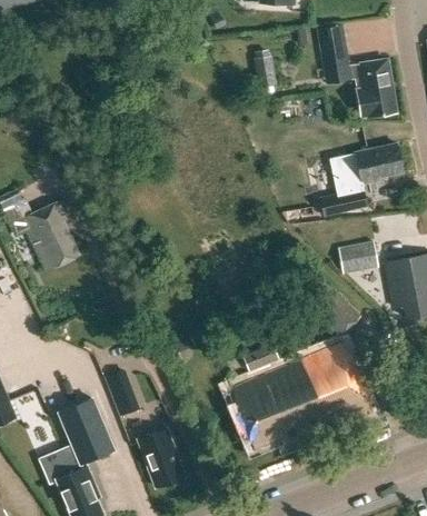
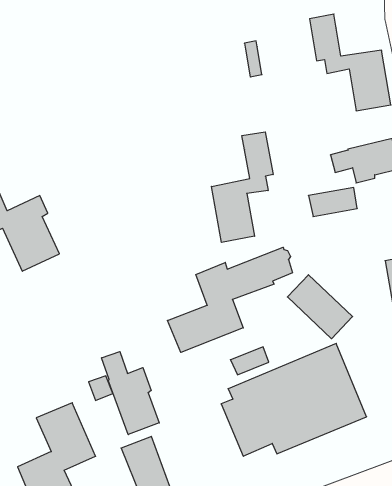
building: none -> [211,132,273,242]
building: [338,242,378,276] -> none
building: none -> [167,247,293,352]
building: none -> [102,352,159,435]

